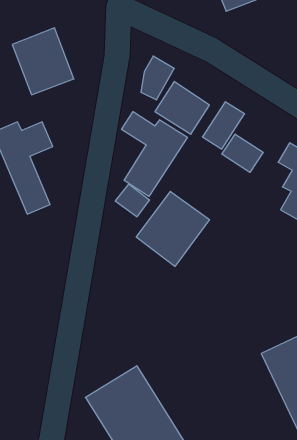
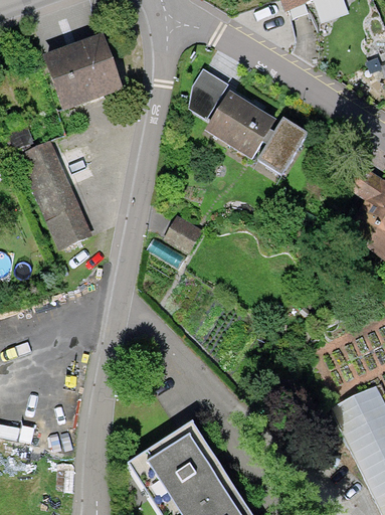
building: [122,112,187,196] -> none
building: [222,134,263,172] -> none
building: [136,191,209,266] -> none

